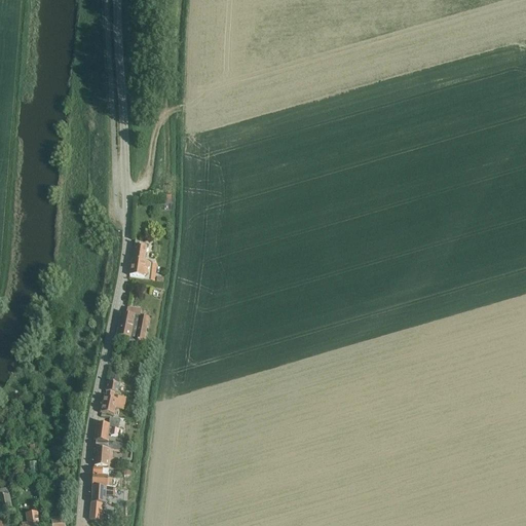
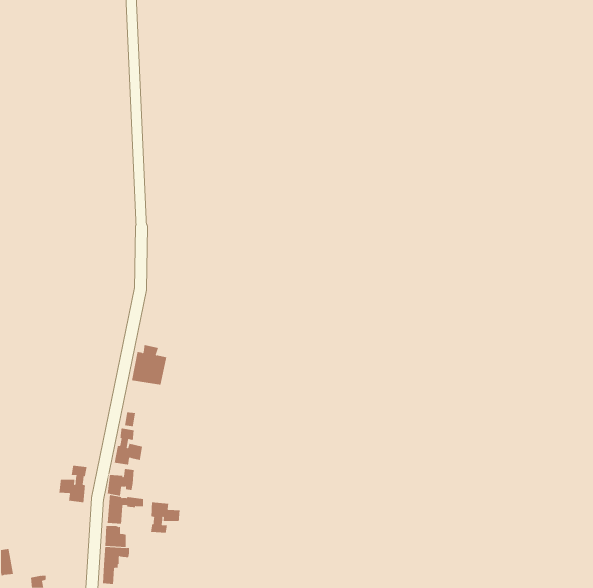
building: [129,242,150,274] -> none
building: none -> [59,465,87,503]
building: none -> [150,502,180,534]

